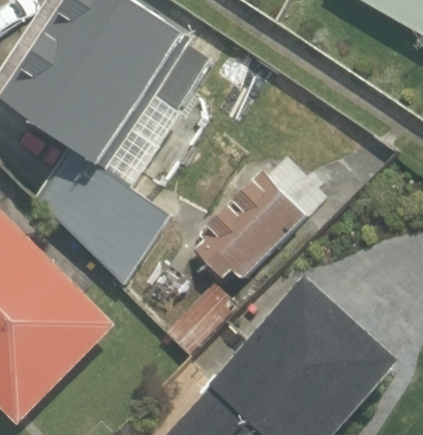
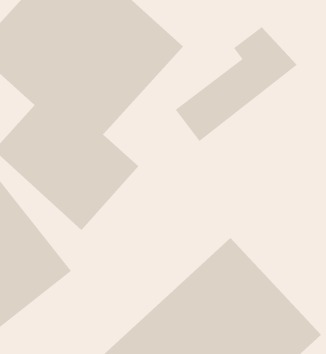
building: [204,150,333,281] -> [175,26,298,142]

